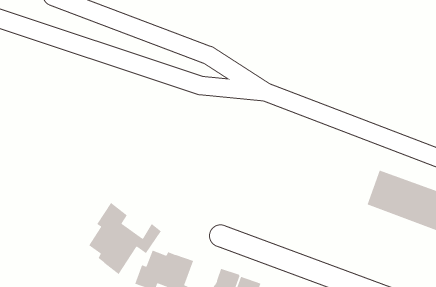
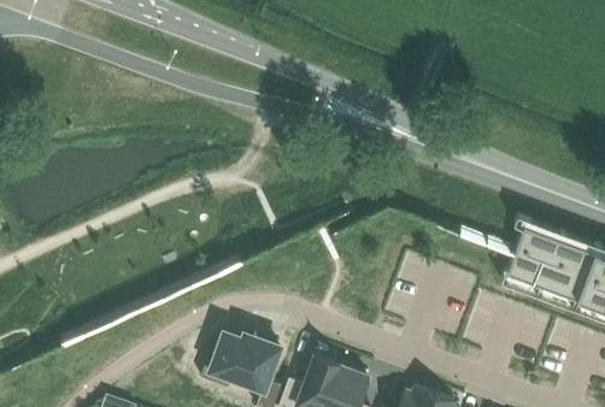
building: [88,202,162,275] -> none

